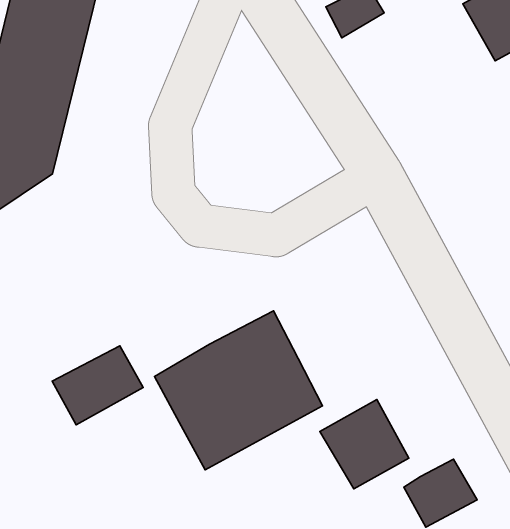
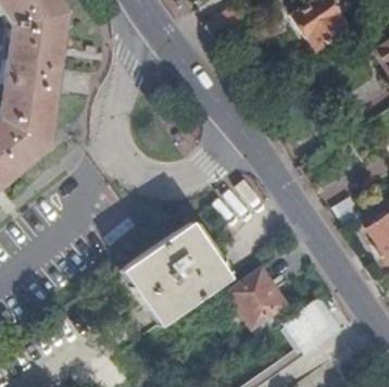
building: [52,346,143,425] -> none

